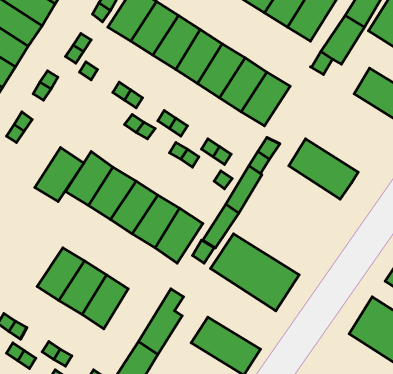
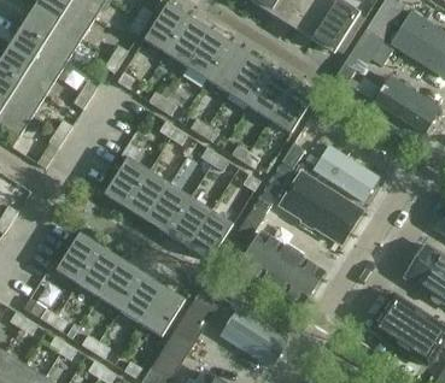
building: [35,148,84,202] -> [55,231,101,282]
building: none -> [280,171,362,243]
building: none -> [140,284,185,335]

